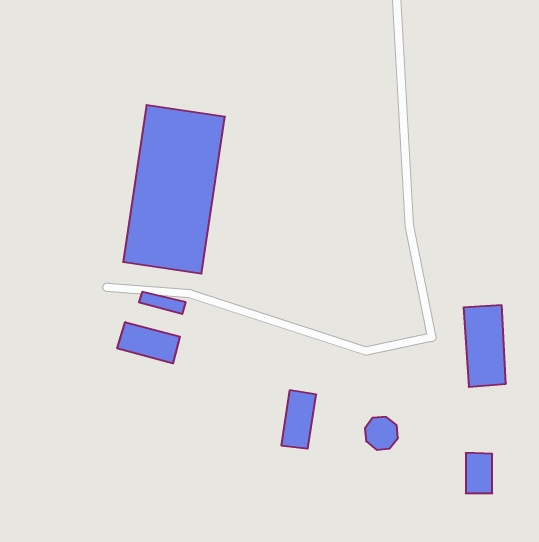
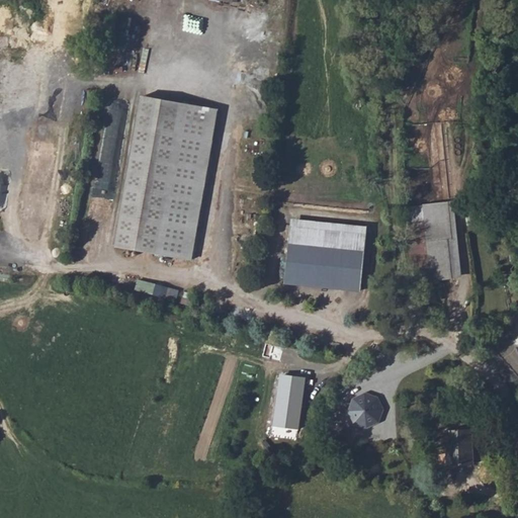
building: none -> [283,219,365,291]
building: [464,305,506,387] -> [419,201,459,279]
building: [117,322,180,363] -> none

